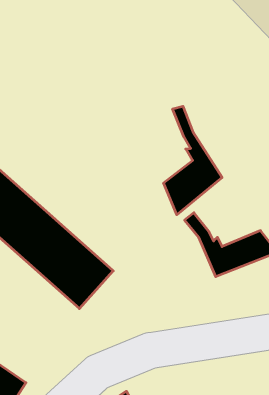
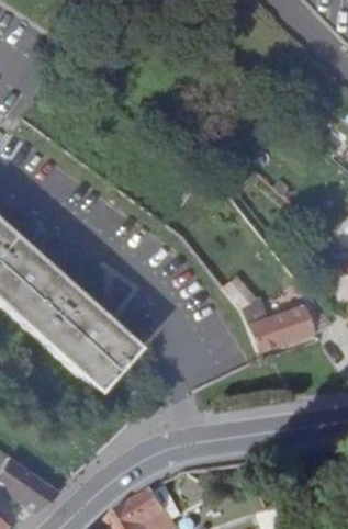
building: [164,106,222,215] -> none

